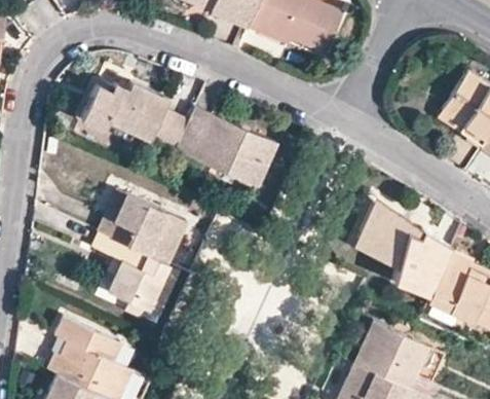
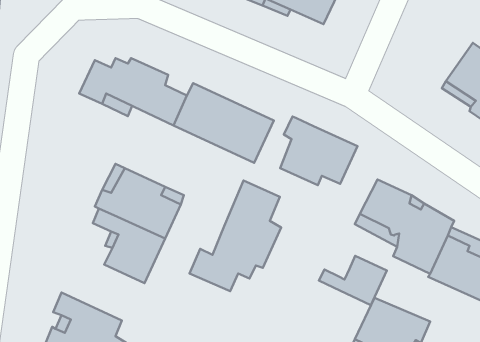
building: none -> [280,116,357,185]
building: none -> [189,180,281,291]
building: none -> [319,256,387,305]

